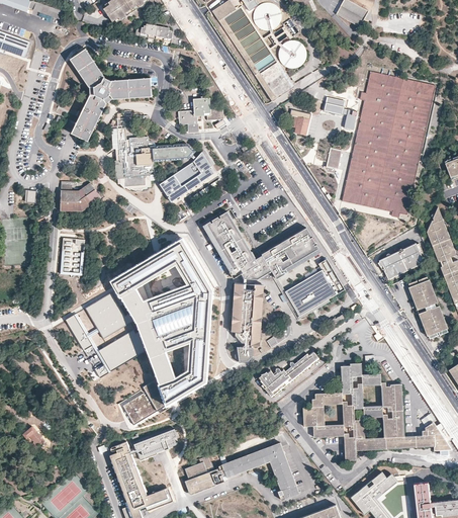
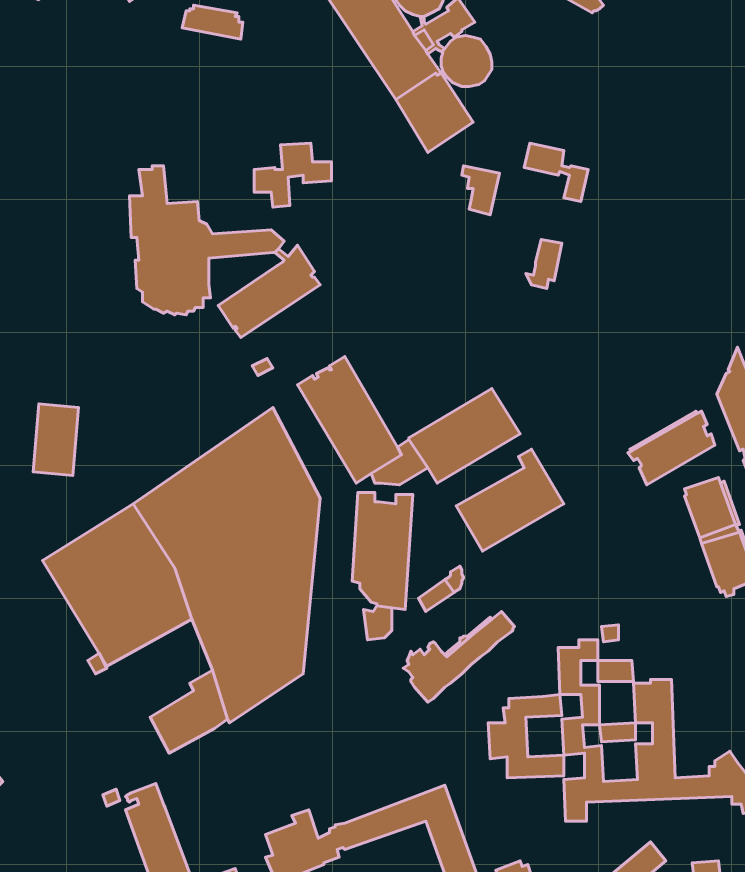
building: [70,48,152,141] -> none
building: [342,70,436,218] -> none
building: [59,182,99,211] -> none
building: [133,429,177,460] -> none

